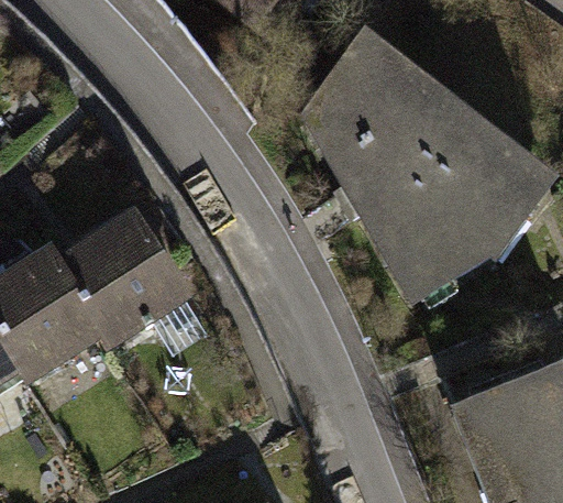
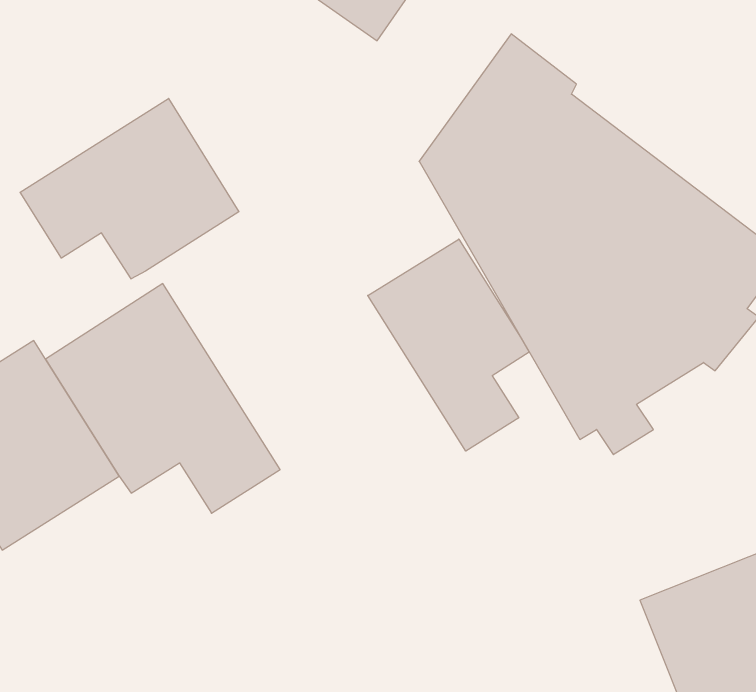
building: none -> [20,98,239,279]
building: none -> [368,239,529,451]

